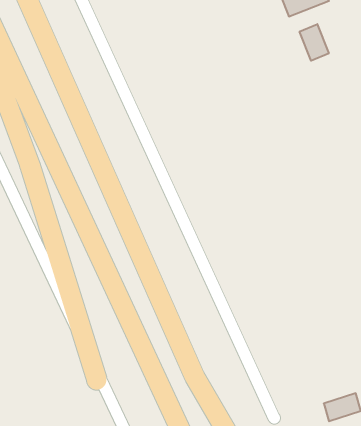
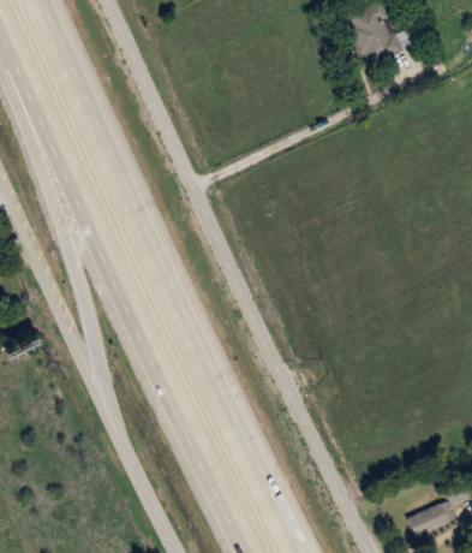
building: [300,24,329,61] -> none

